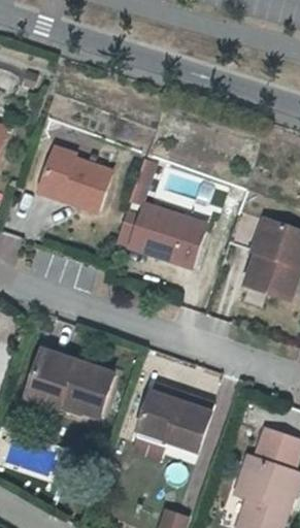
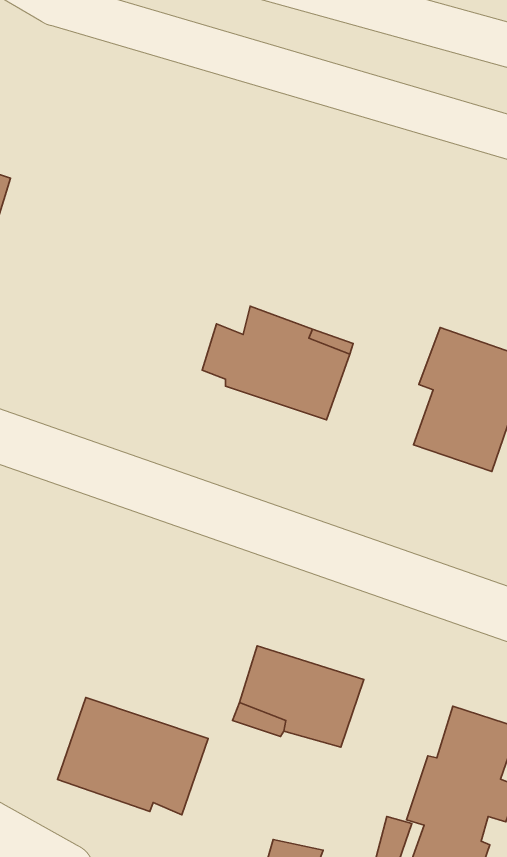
building: [39,145,110,206] -> none
building: [26,354,113,422] -> [57,698,208,815]

